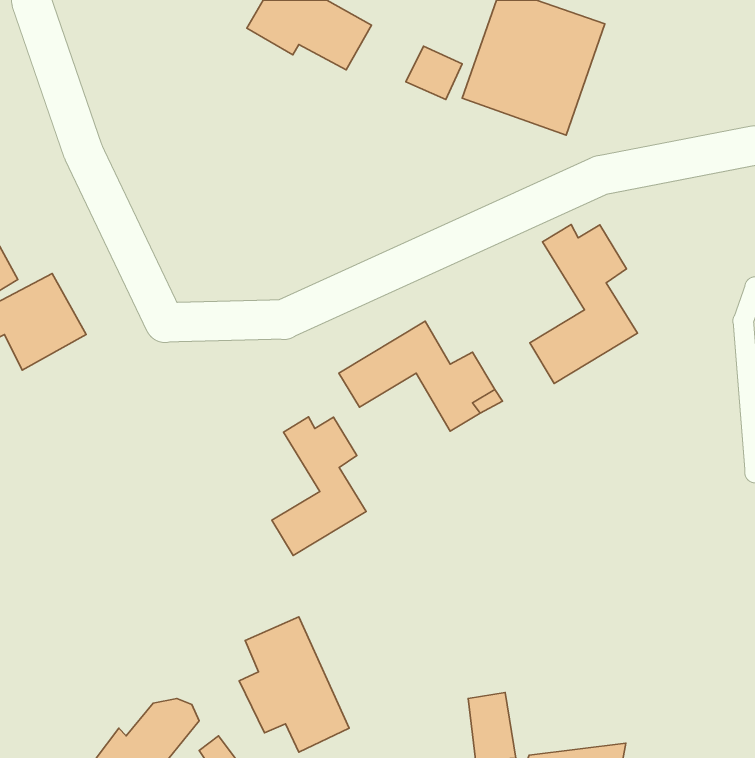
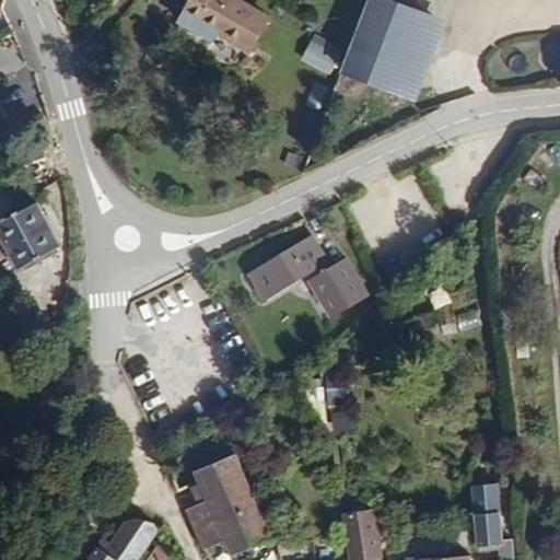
building: [530,225,637,383] -> none
building: [272,417,366,556] -> none
building: none -> [475,490,502,546]

